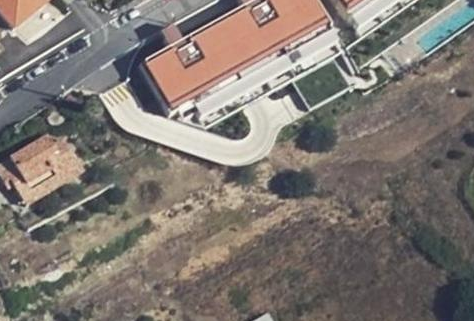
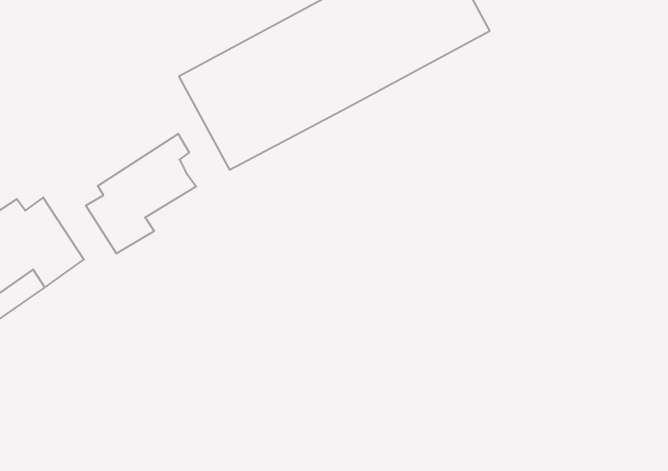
building: none -> [86,134,196,254]

